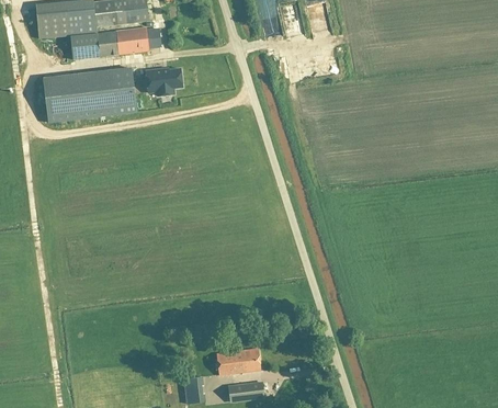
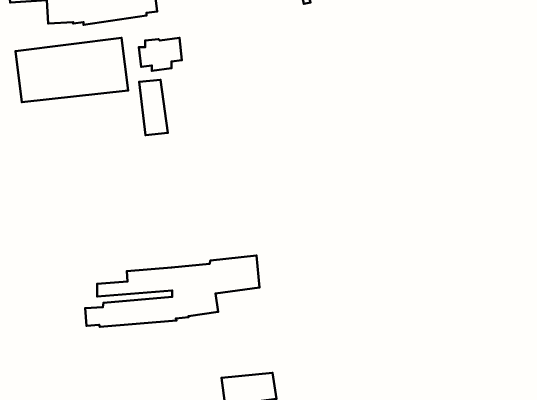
building: none -> [139,80,168,135]
building: none -> [85,255,260,327]

